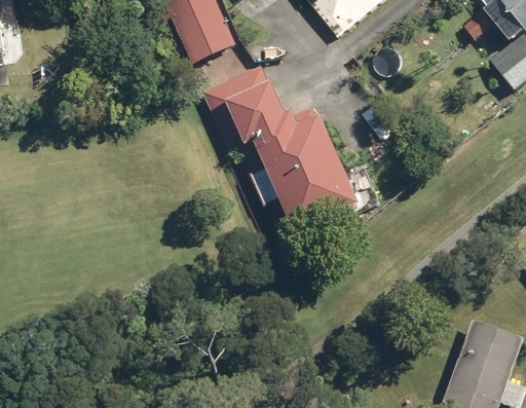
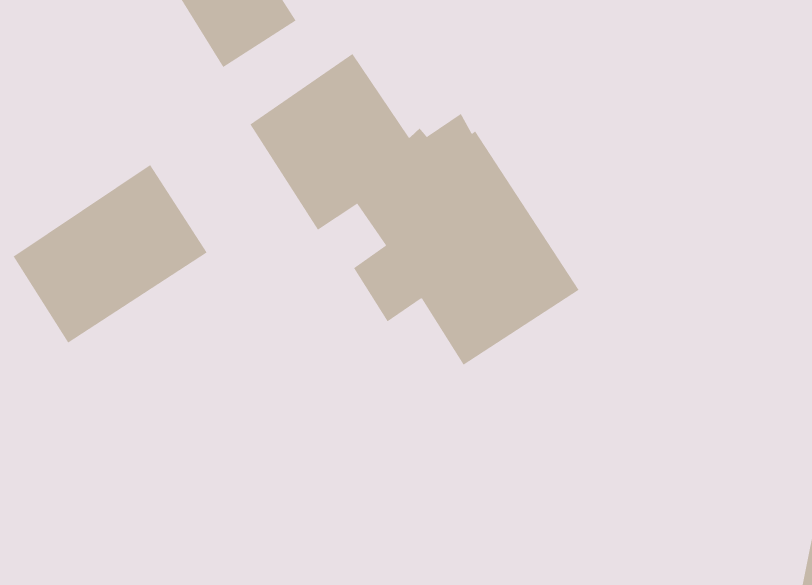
building: none -> [13,164,208,344]

